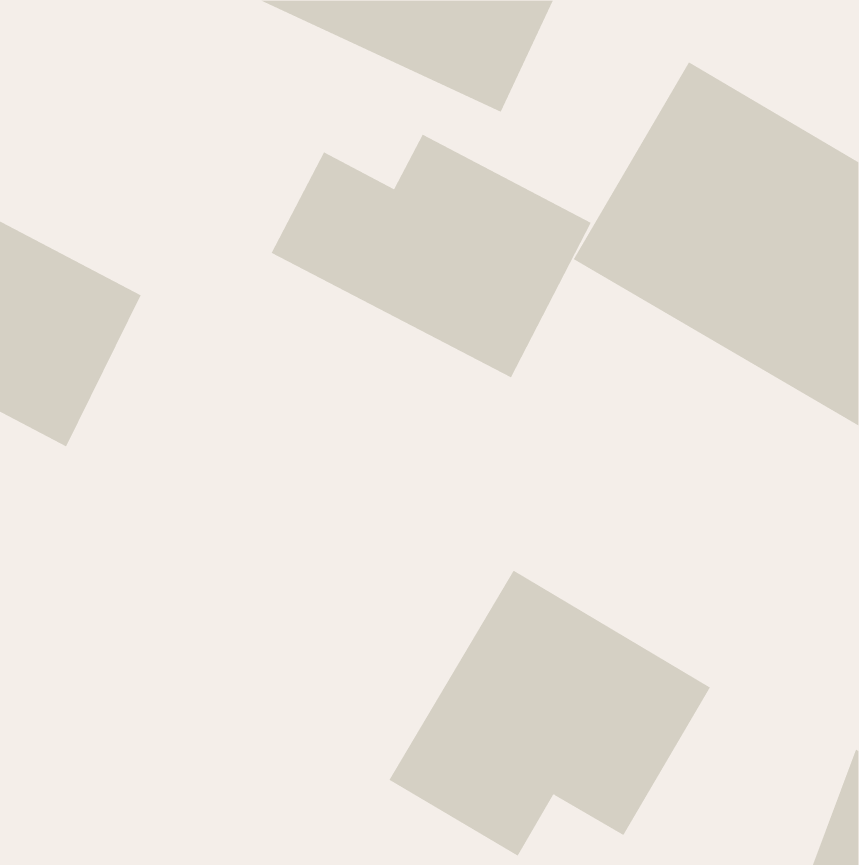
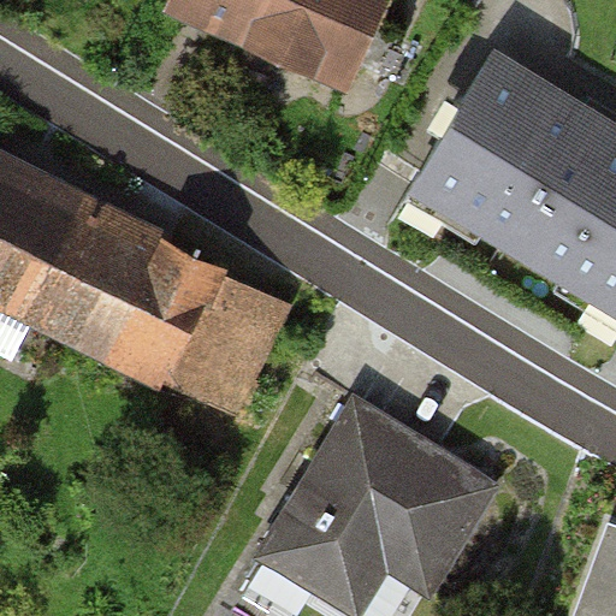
building: [271,134,592,378] -> none
building: none -> [47,213,285,416]

